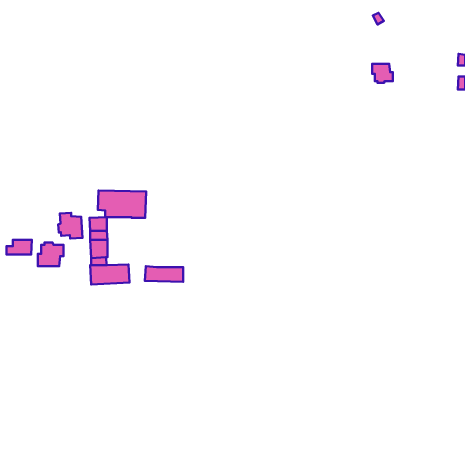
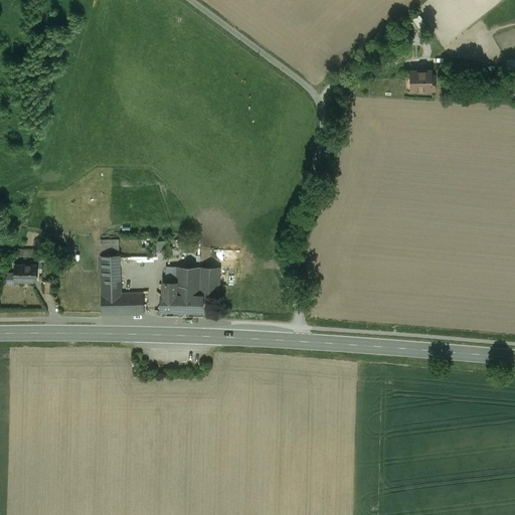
building: [98,191,146,218] -> [165,266,218,296]
building: [58,213,82,239] -> none
building: [38,243,64,266] -> none

